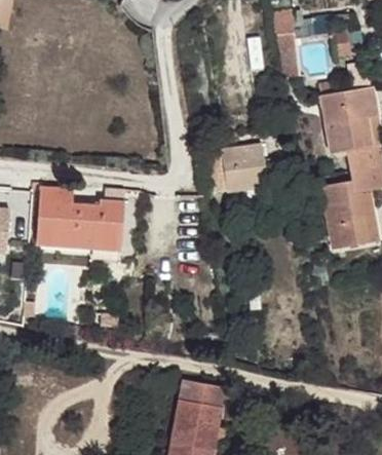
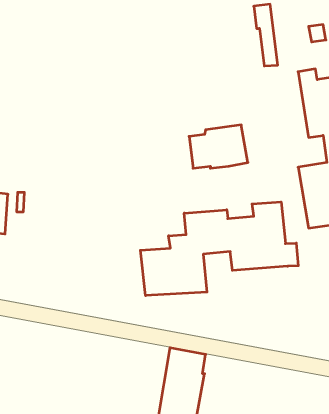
building: [31,186,123,249] -> none
building: none -> [140,202,298,296]

